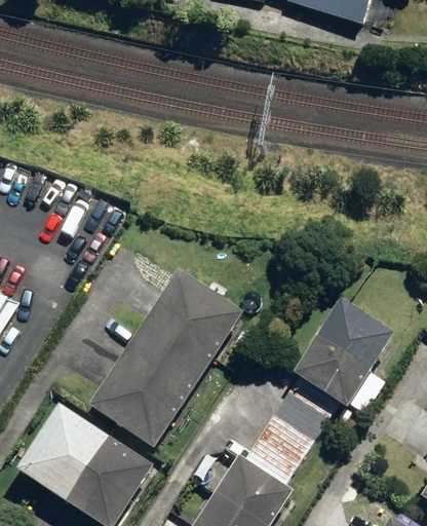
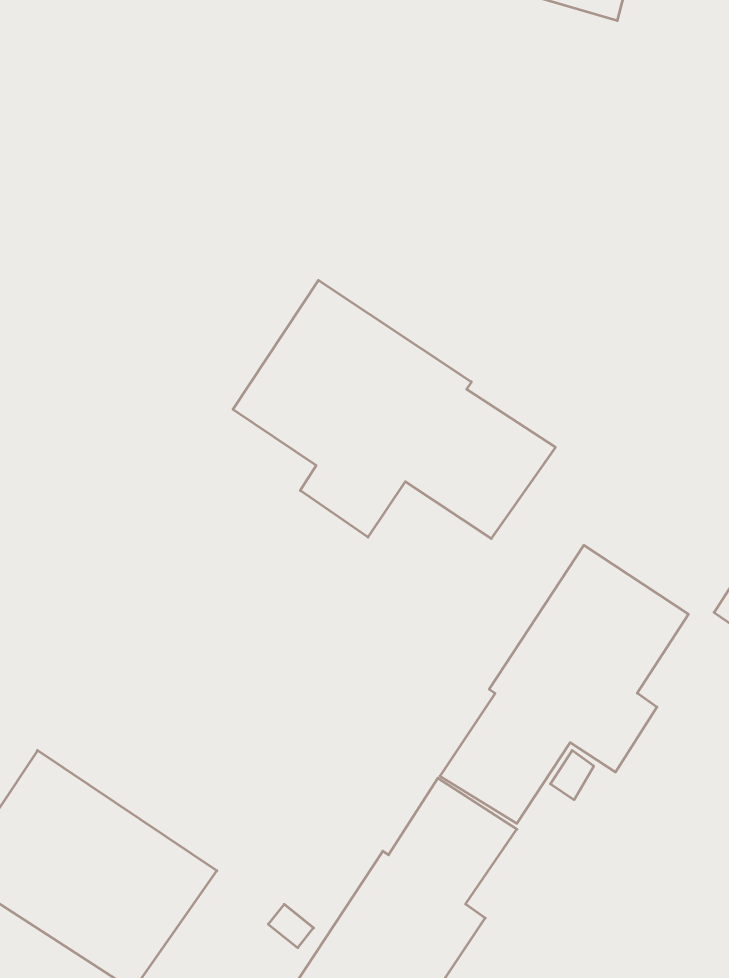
building: none -> [233,280,555,539]
building: [89,268,243,446] -> none

